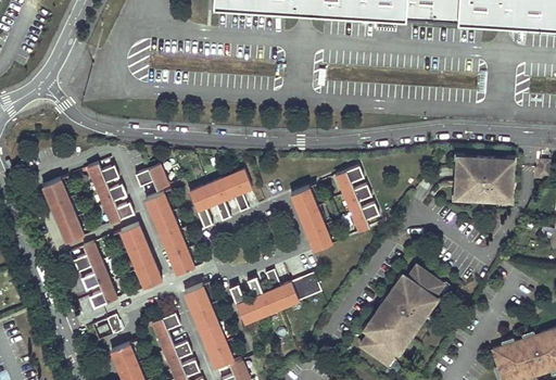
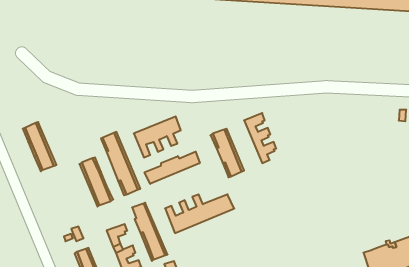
building: [453,156,511,200] -> none
building: [86,163,132,224] -> none
building: [134,164,167,190] -> none
building: none -> [145,152,200,184]
building: [73,241,115,307] -> none
building: [358,265,442,364] -> none

